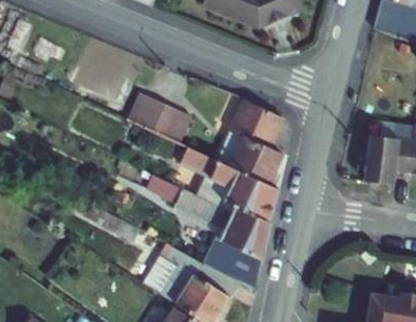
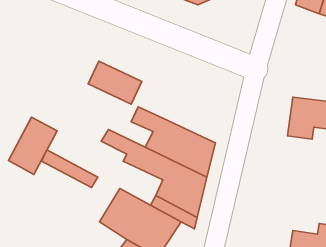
building: [217,101,283,186] -> none
building: none -> [8,117,57,174]

